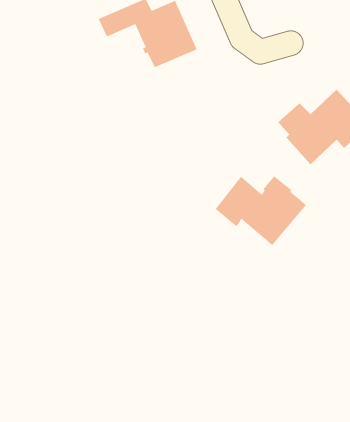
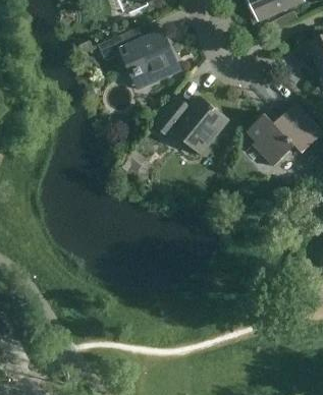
building: [215,173,307,246] -> [153,94,229,154]

